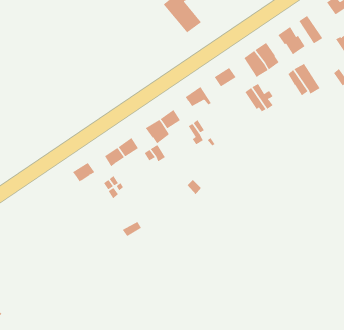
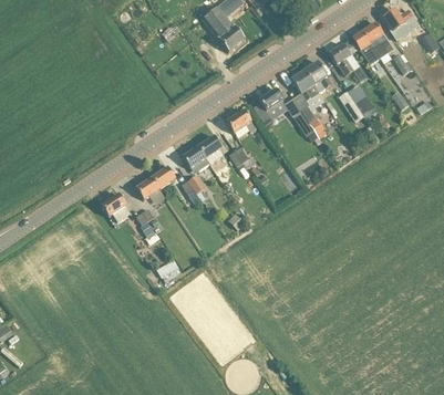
building: none -> [363,22,393,56]

